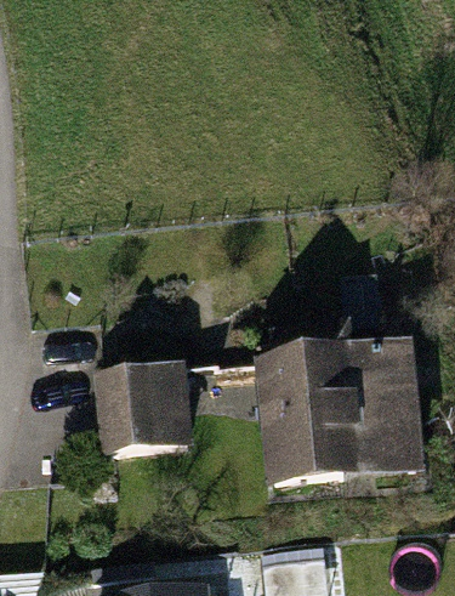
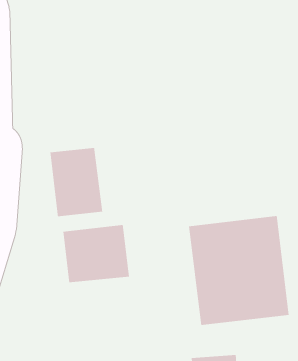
building: none -> [50,147,103,217]

